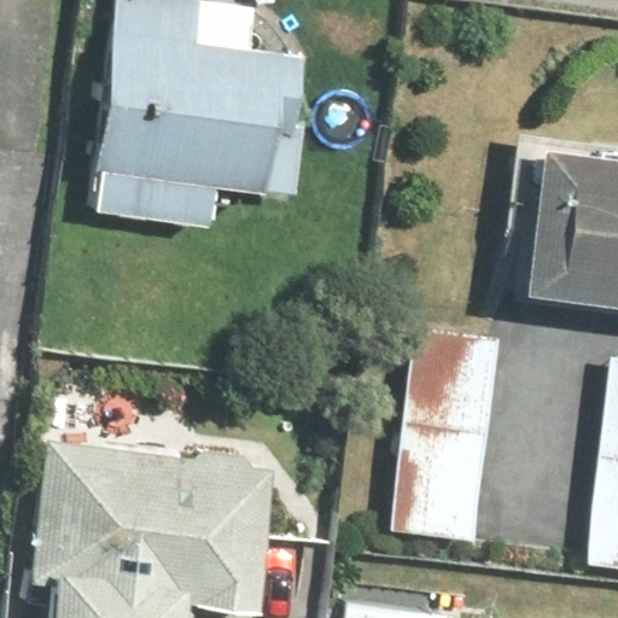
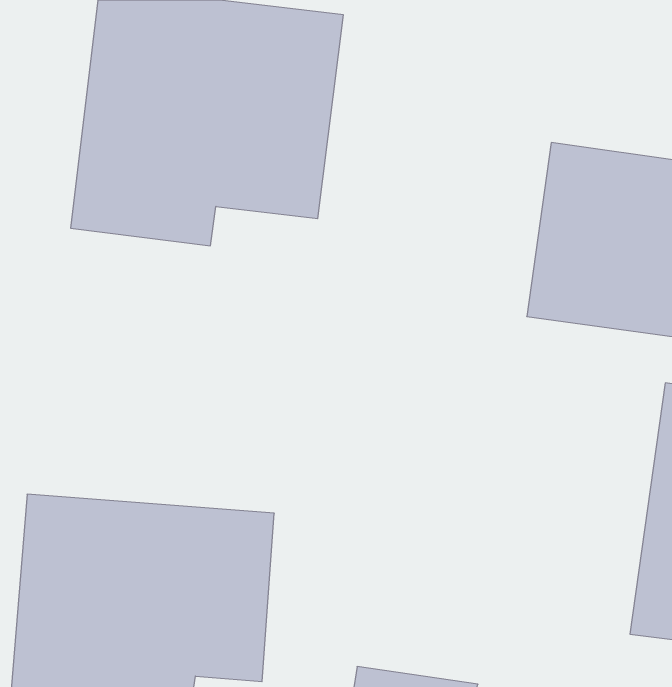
building: [372,325,503,555] -> none

